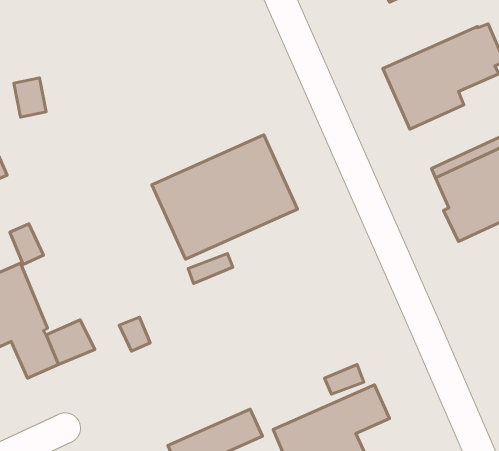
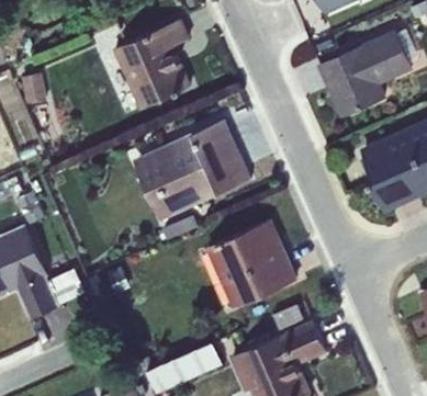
building: none -> [112,20,189,109]
building: none -> [205,220,294,308]

